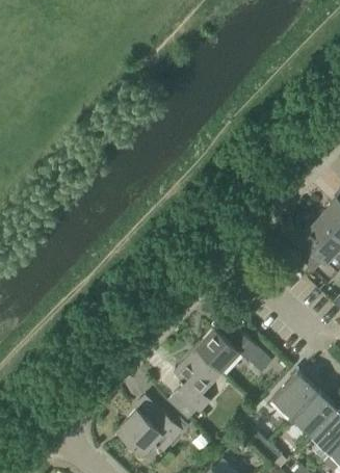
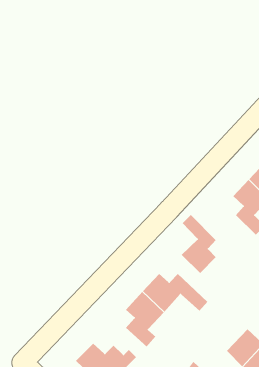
building: none -> [181,214,217,274]
building: [271,372,317,418] -> none

